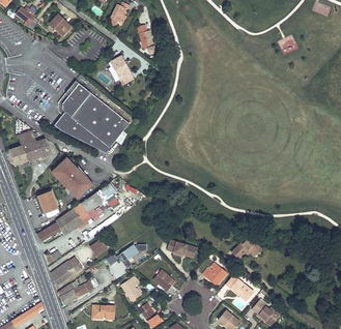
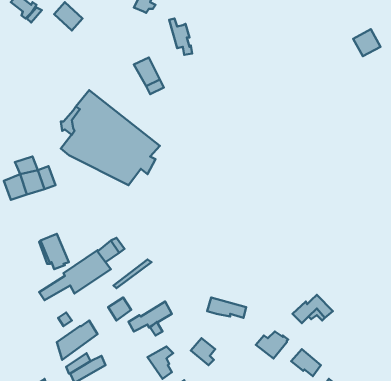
building: [52,158,92,200] -> none

